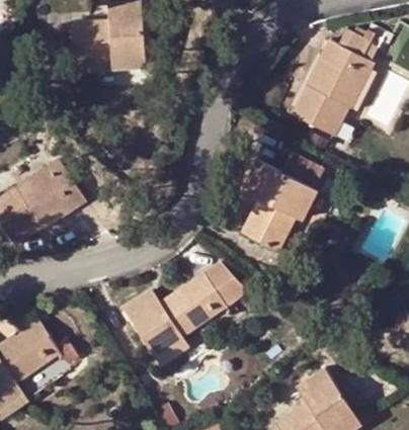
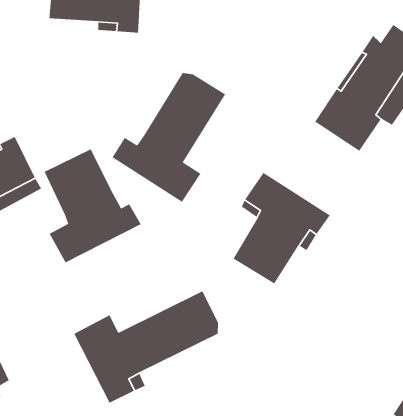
building: none -> [112,72,226,203]
building: none -> [44,148,142,264]

